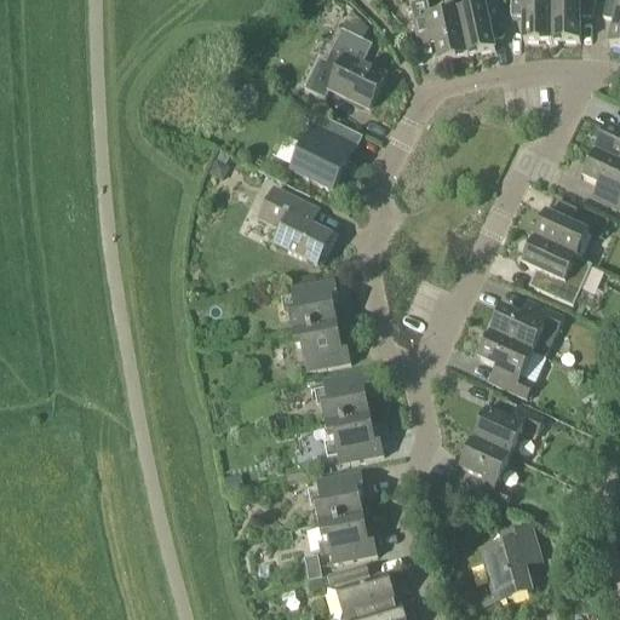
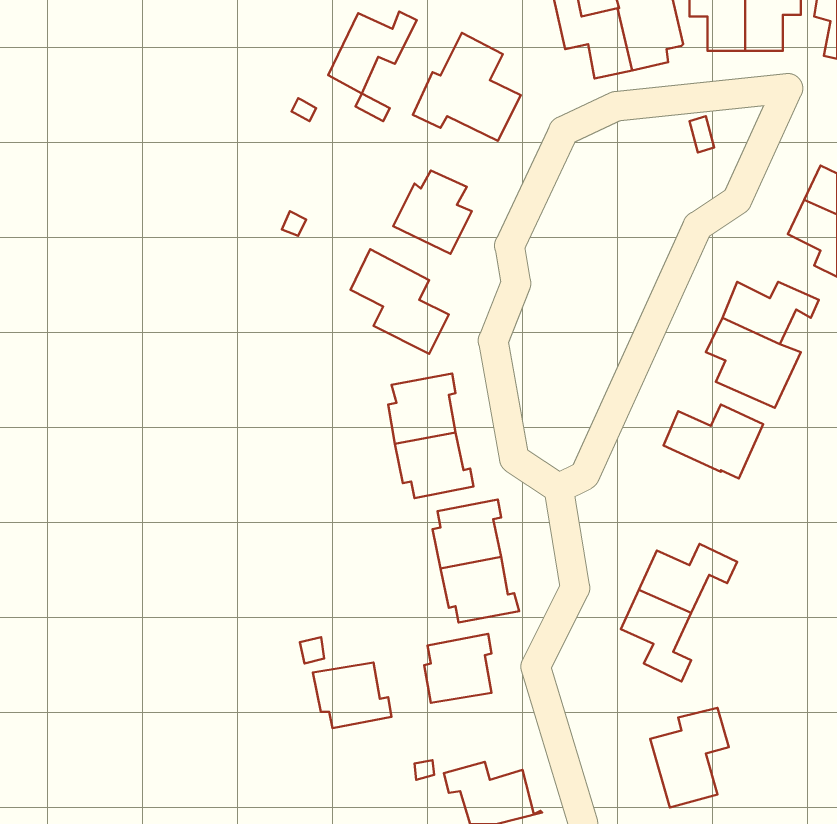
building: none -> [328,12,417,93]
building: [478,329,534,395] -> none
building: [318,512,377,561] -> [313,663,391,728]

